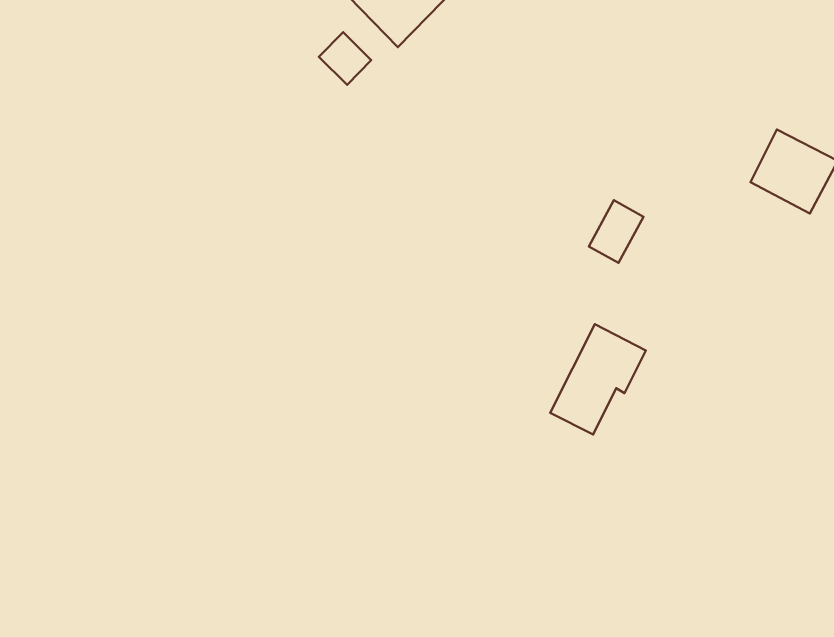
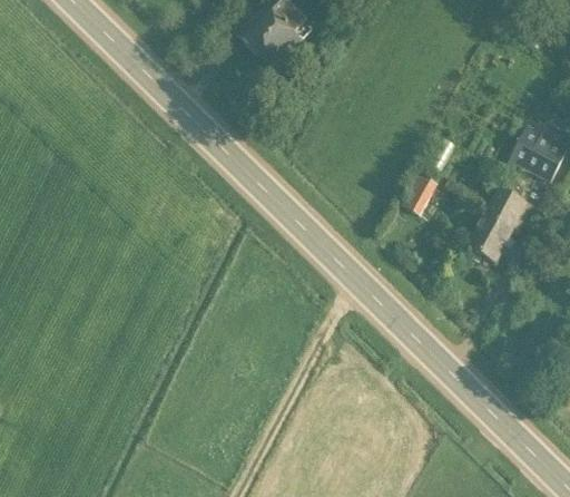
building: [319,32,371,85] -> none
building: [550,324,646,434] -> [469,185,533,260]

